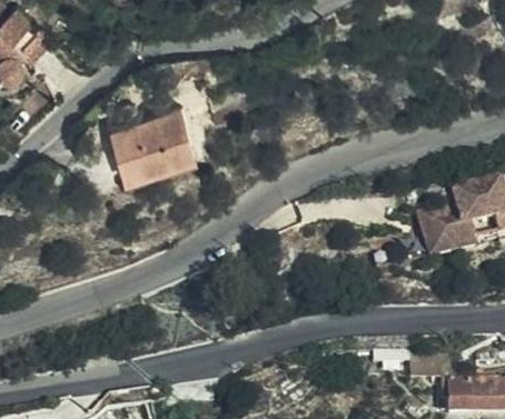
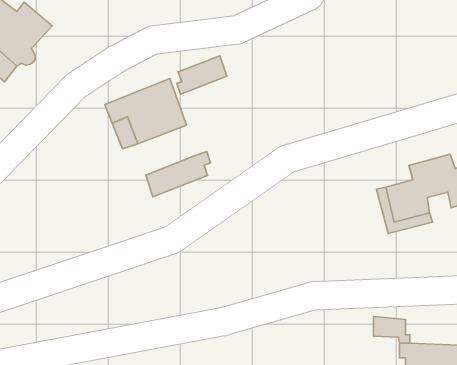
building: none -> [177,56,227,94]
building: none -> [146,151,211,197]

